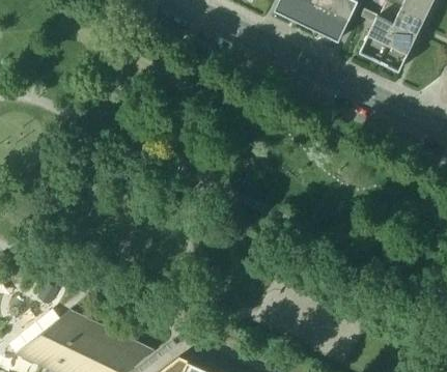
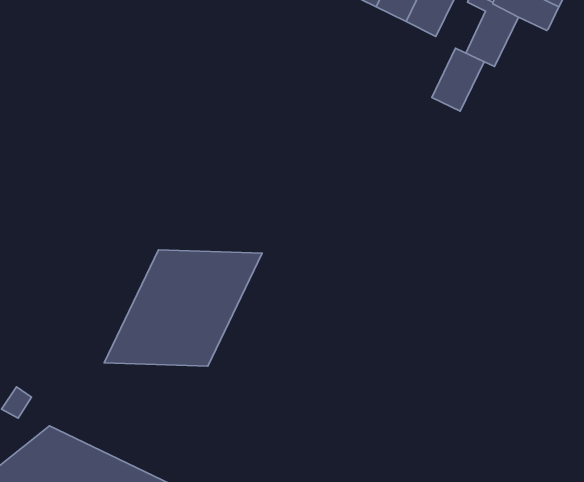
building: [379,27,415,70] -> [432,48,484,111]
building: none -> [104,250,262,366]

